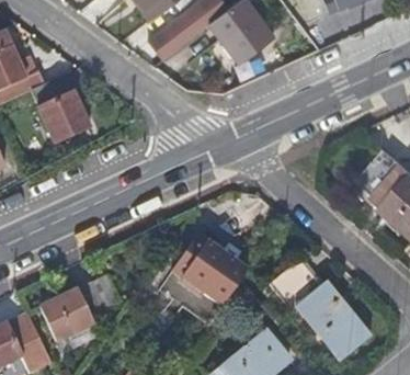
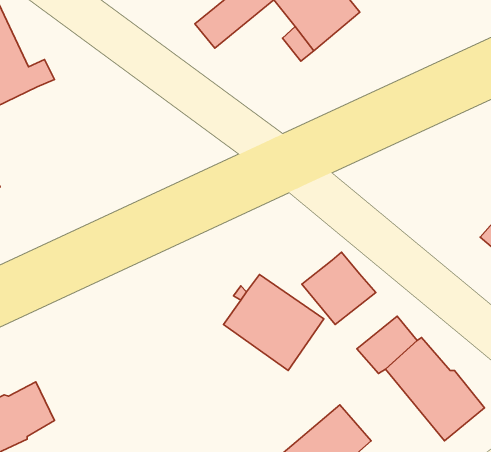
building: [30,73,90,143] -> none
building: none -> [302,252,376,325]
building: [42,283,110,342] -> none

